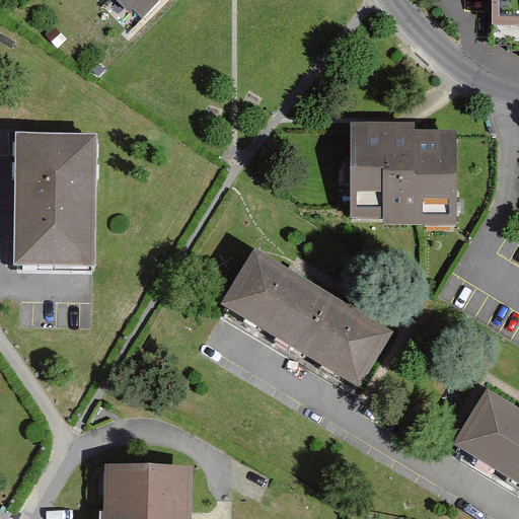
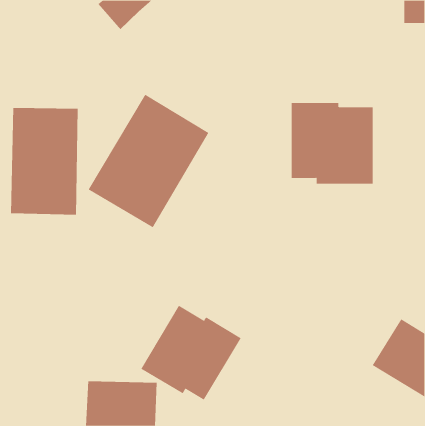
building: none -> [88,94,209,228]
building: [220,246,393,385] -> none
building: none -> [141,305,241,400]

